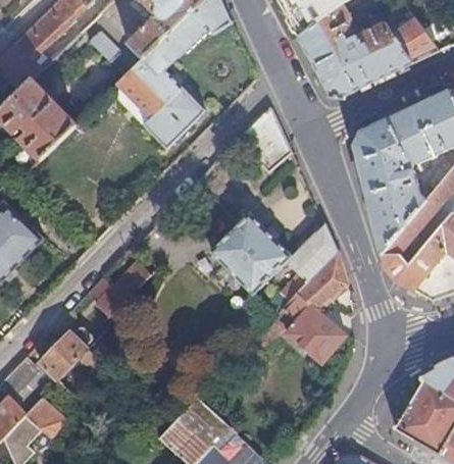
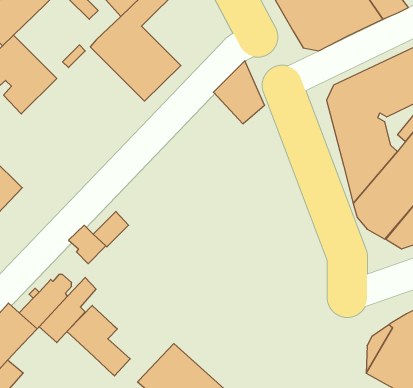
building: [210,211,347,361] -> none
building: none -> [67,305,130,376]
building: [24,398,67,436] -> none

